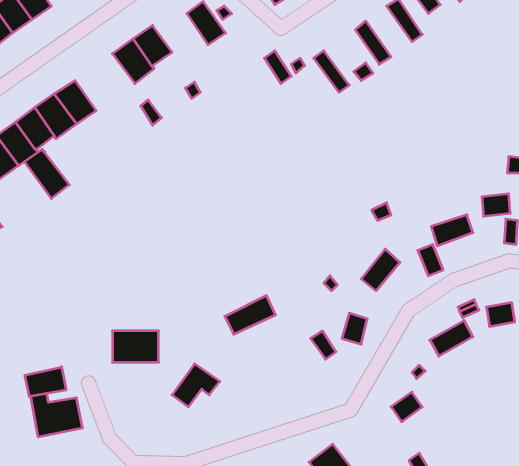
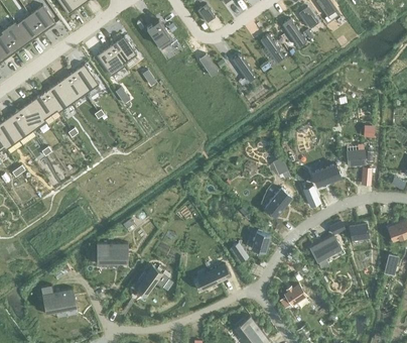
building: none -> [71,64,98,93]
building: [25,149,69,199] -> none
building: [225,296,275,334] -> [195,262,230,289]
building: [25,367,66,397] -> none

